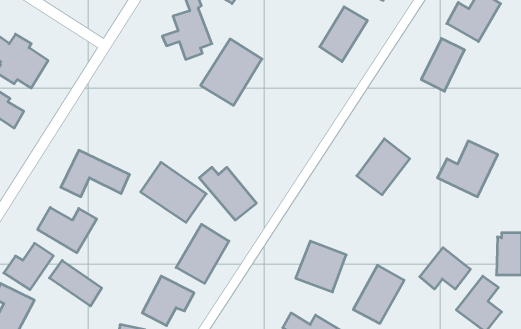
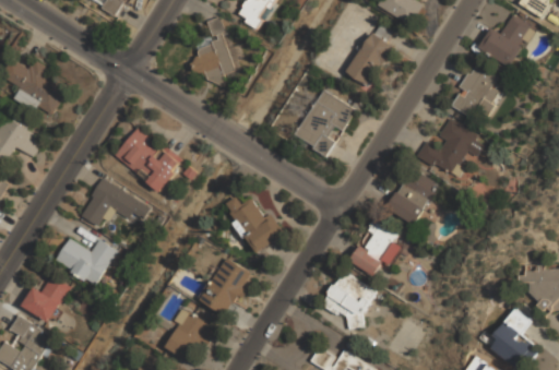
building: [201,39,262,105] -> [293,88,356,157]
building: [437,141,498,197] -> [416,119,478,177]
building: [141,162,206,222] -> [116,129,183,191]
building: [420,248,470,289] -> none
building: [49,260,102,306] -> none
building: [353,265,404,323] -> [349,217,402,277]

